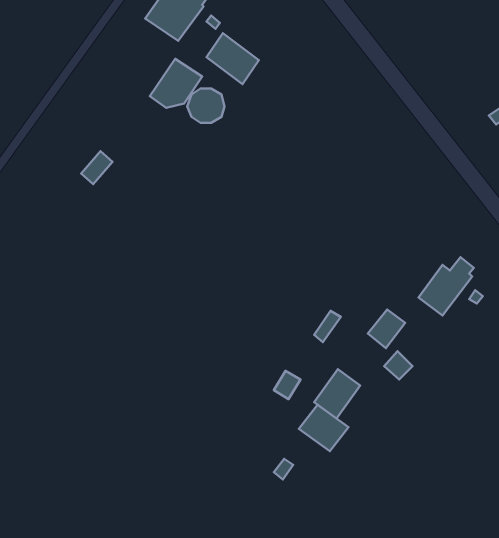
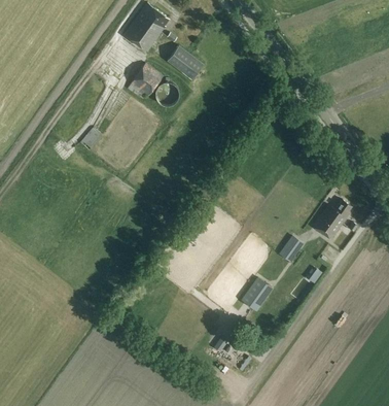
building: [299,405,348,451] -> none

